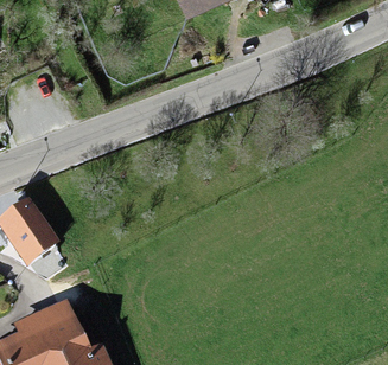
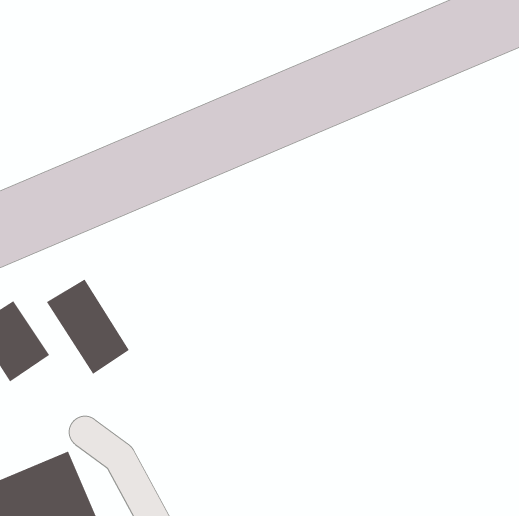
building: none -> [46,278,130,375]

